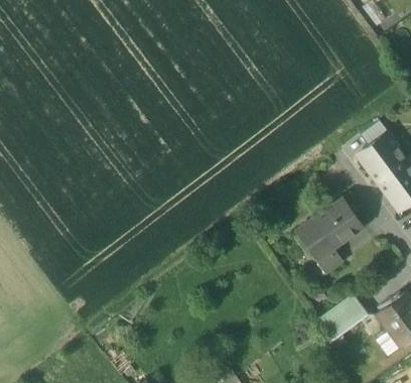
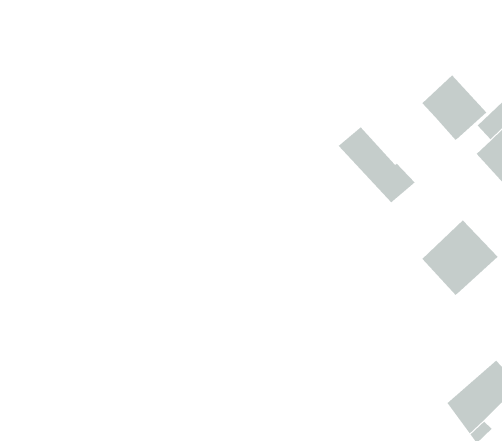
building: none -> [422,74,487,141]
building: [294,221,344,275] -> [338,127,415,203]

